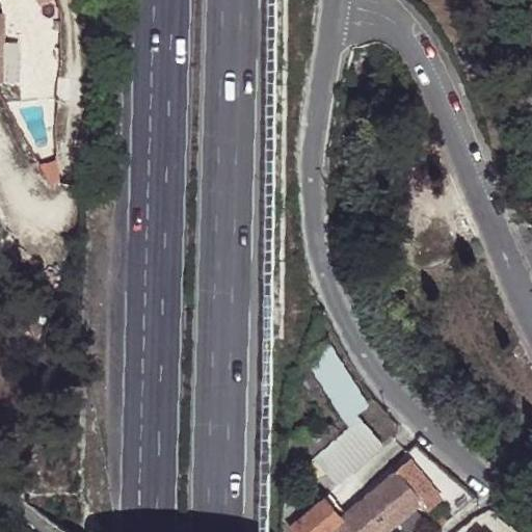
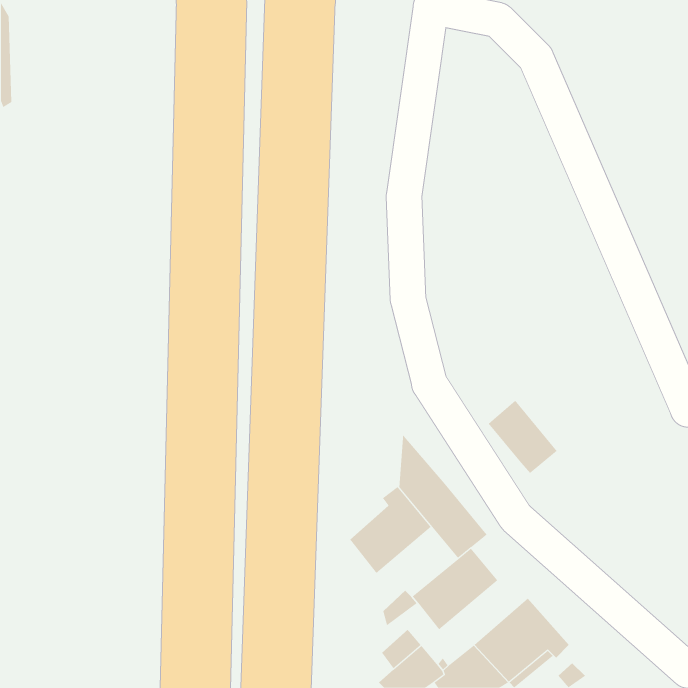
building: none -> [488,400,558,474]
building: none -> [350,486,432,574]

